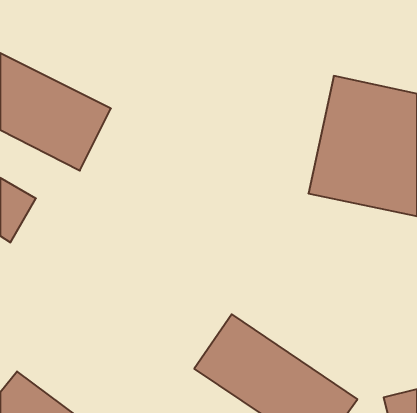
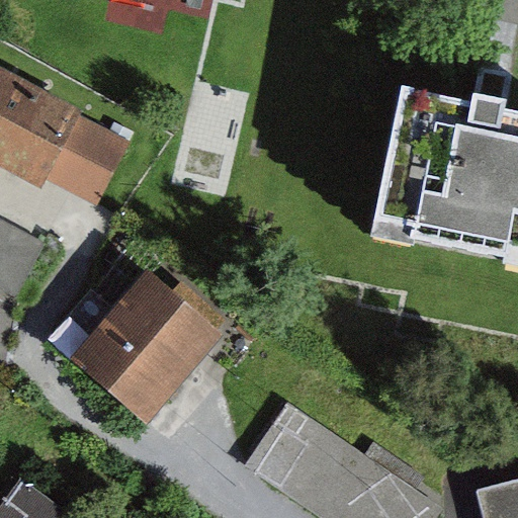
building: none -> [64,263,213,414]

